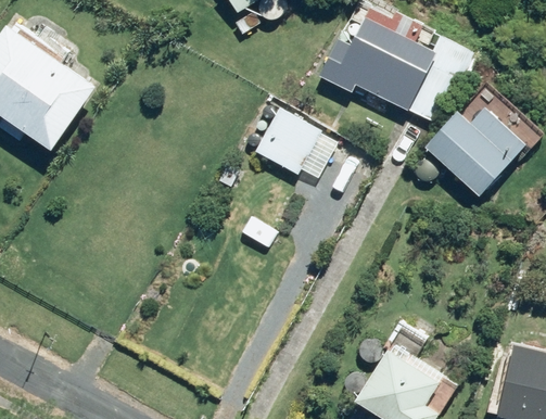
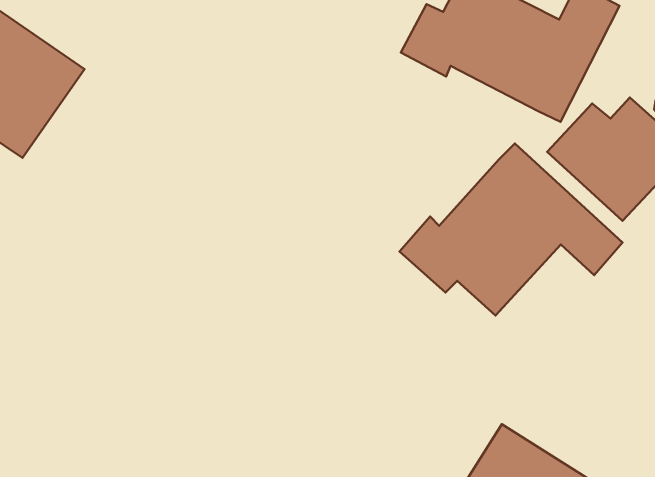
building: [254,106,322,176] -> none
building: none -> [400,144,623,315]

